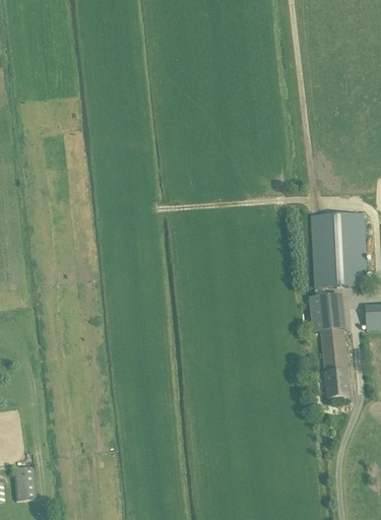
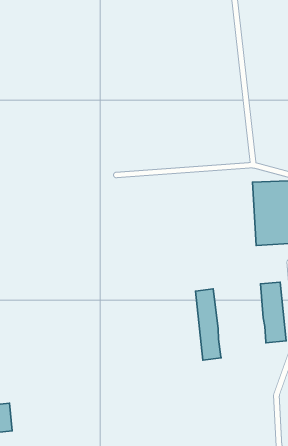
building: [308,292,344,329] -> none
building: none -> [196,289,221,360]

